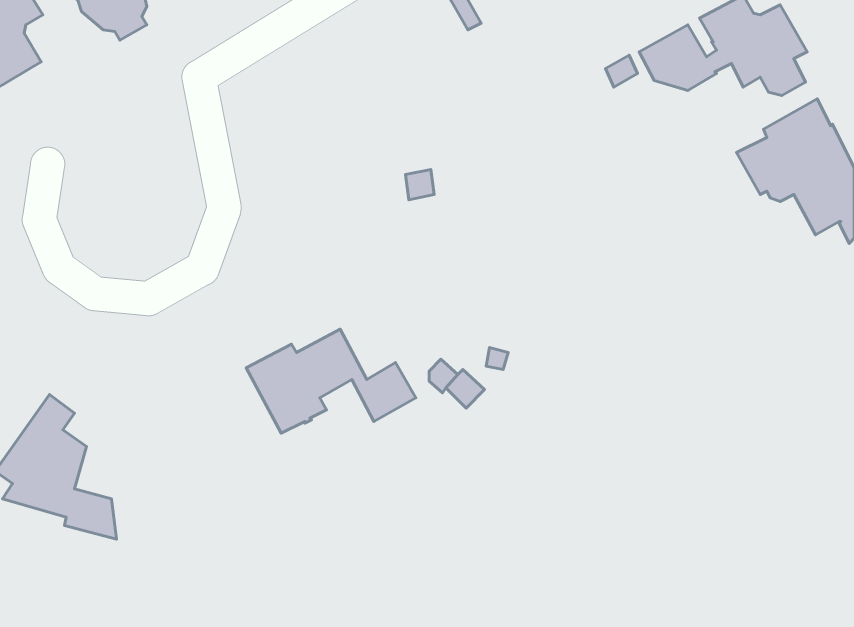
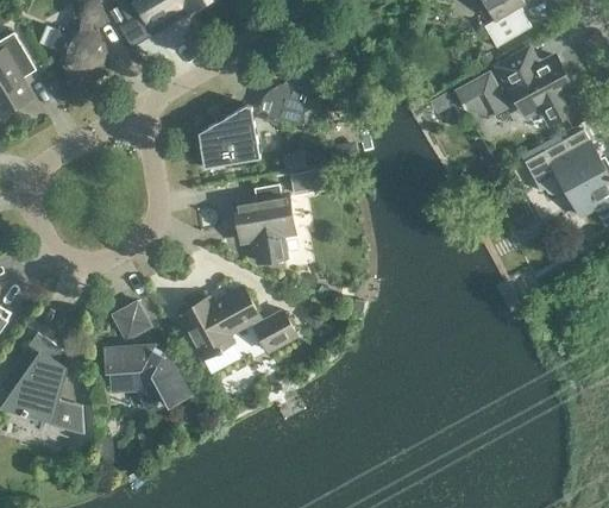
building: none -> [260,84,313,127]
building: none -> [199,105,260,168]
building: none -> [236,183,295,262]
building: none -> [108,301,188,409]

